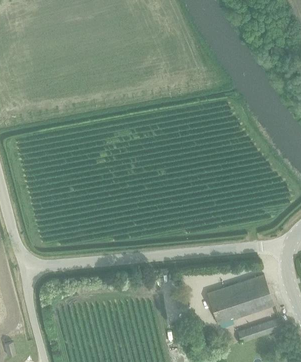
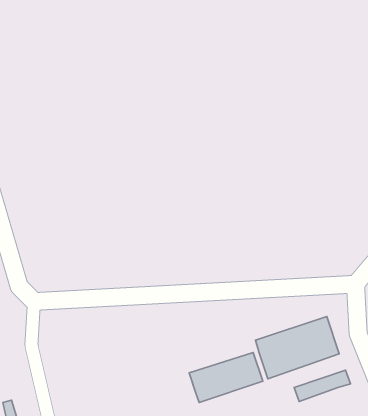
building: none -> [189,353,263,402]

